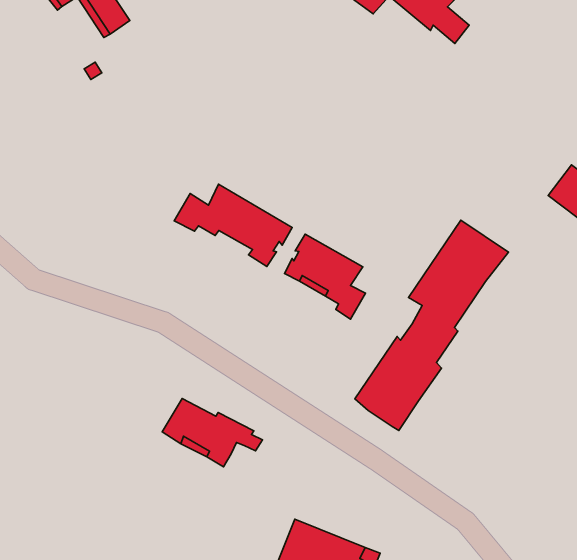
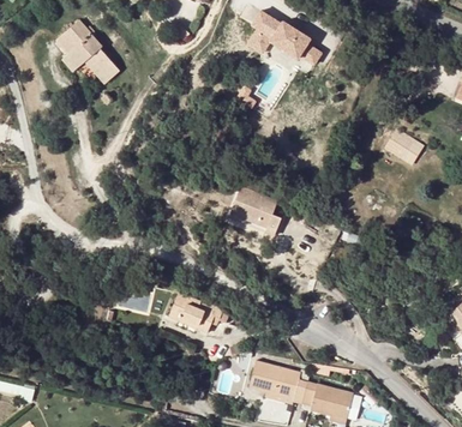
building: [174,184,292,267] -> none
building: [355,220,508,430] -> none

